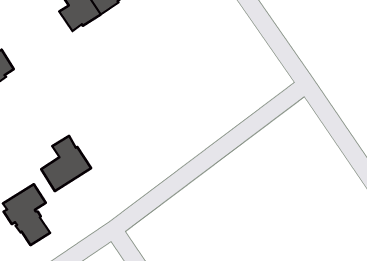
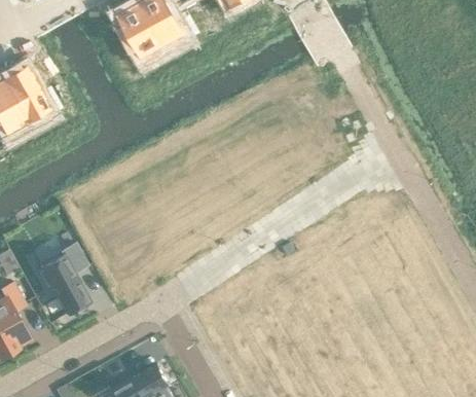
building: [41,136,91,191] -> none

